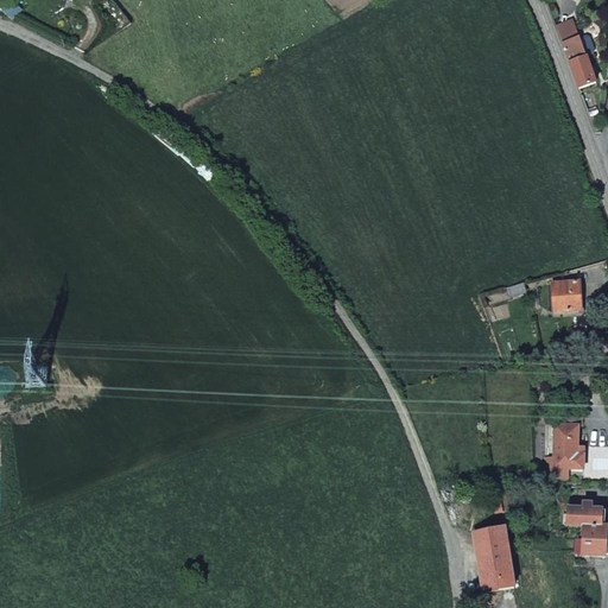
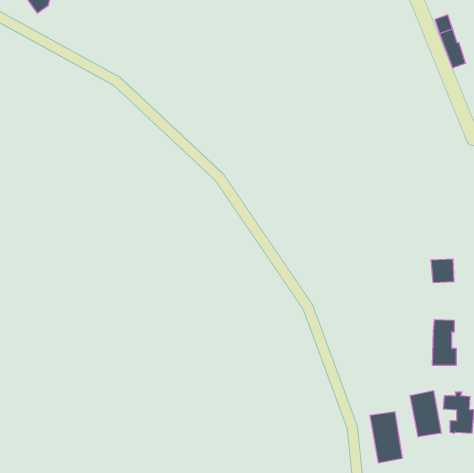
building: [551,280,581,310] -> [431,259,454,282]
building: none -> [410,391,441,437]

